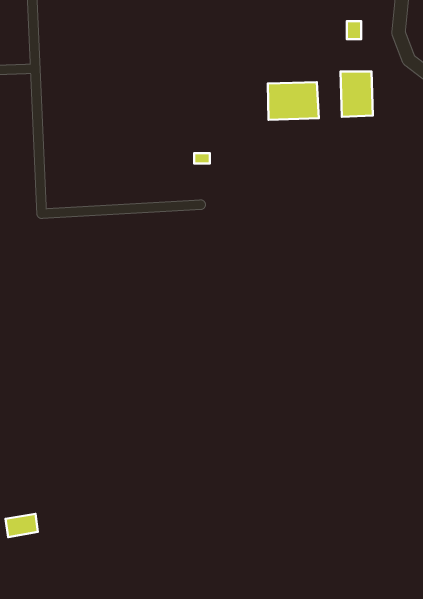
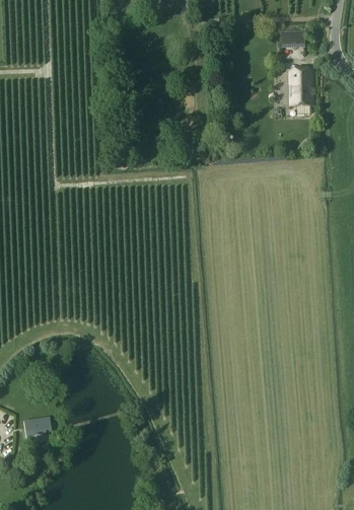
building: [268,82,319,120] -> none

